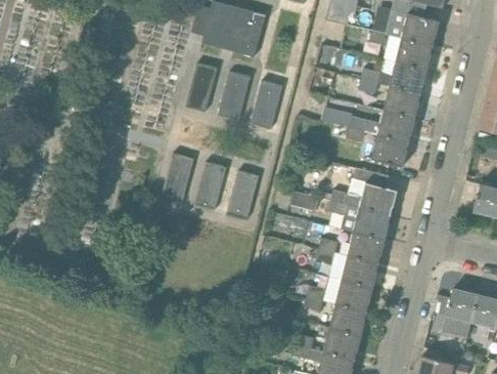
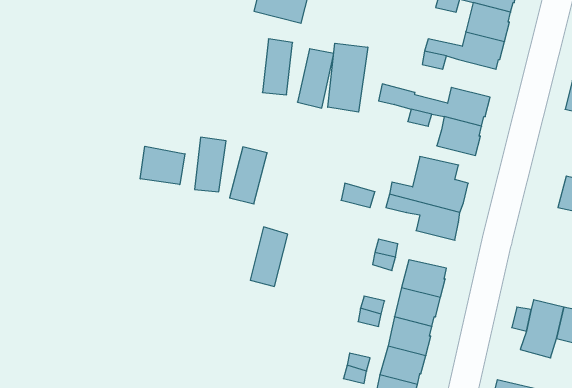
building: [187,58,219,108] -> none
building: none -> [328,43,368,112]
building: [382,86,420,118] -> none
building: none -> [140,146,185,185]
building: [228,167,260,217] -> [250,227,288,286]
building: [347,231,386,262] -> none

